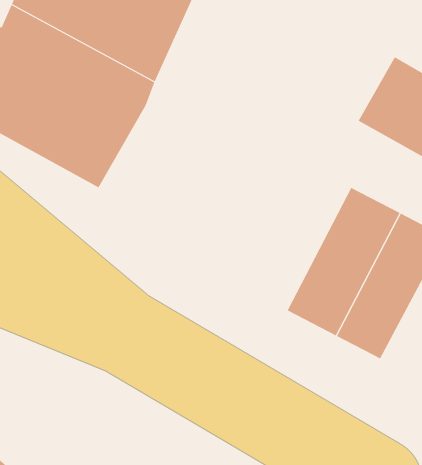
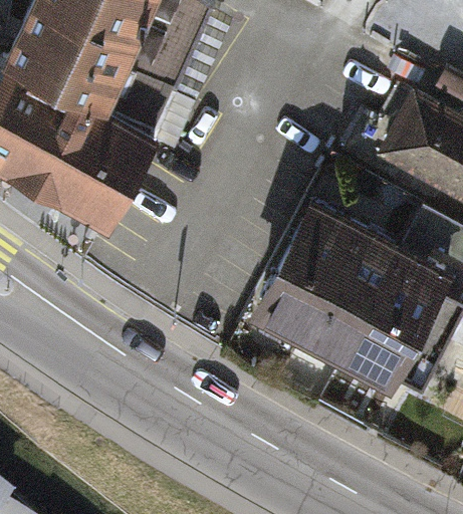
building: none -> [250,193,366,344]

